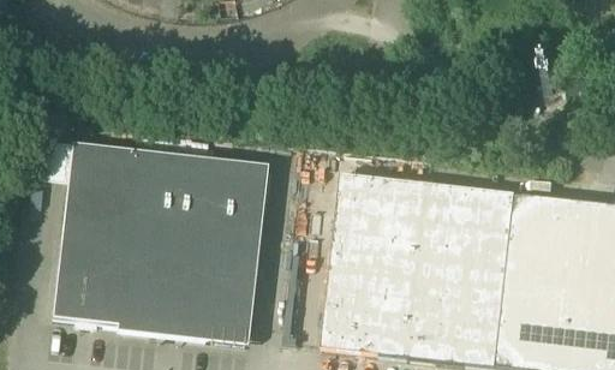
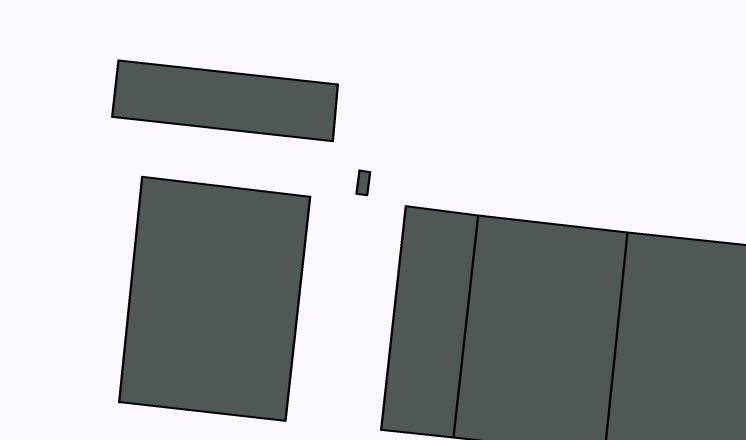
building: none -> [112,61,338,141]
building: [53,142,137,324] -> none

